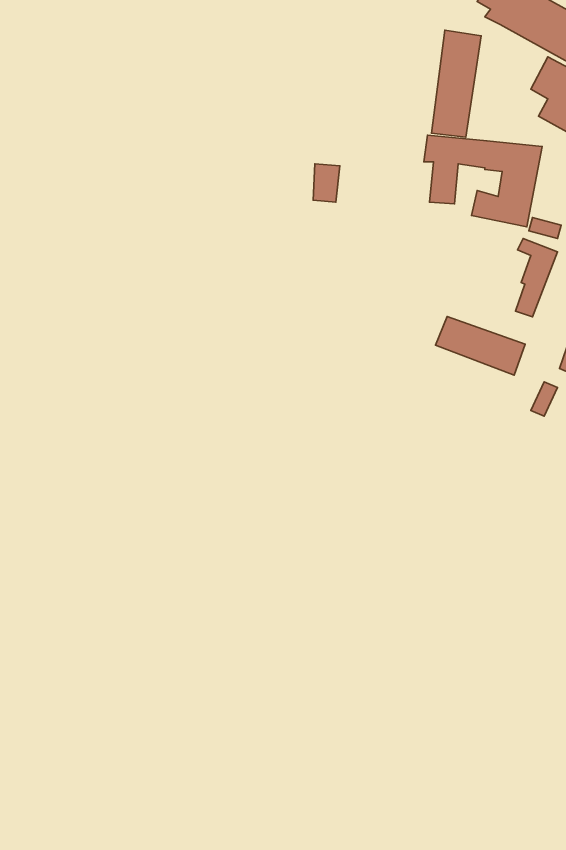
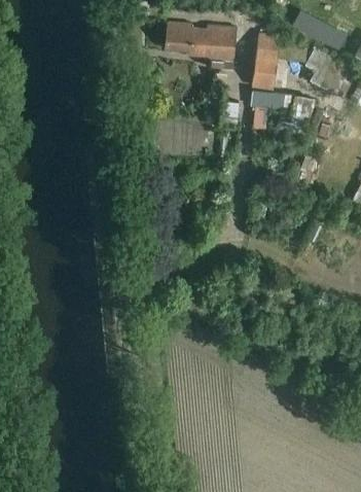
building: none -> [165,22,234,68]
building: [436,316,525,375] -> none

